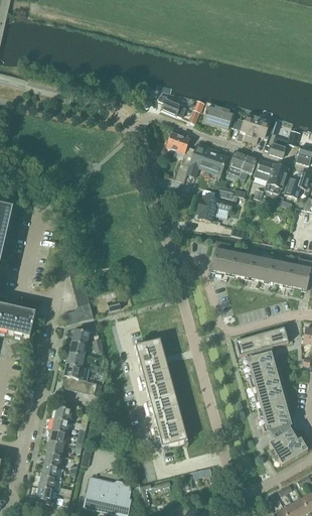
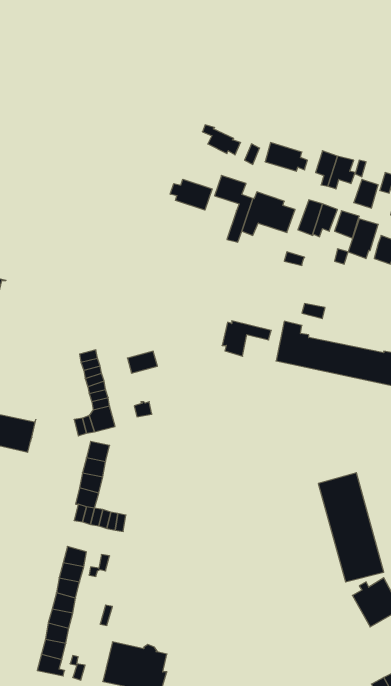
building: none -> [170,179,212,210]
building: [197,196,233,222] -> [222,321,271,356]
building: [237,330,289,356] -> none
building: [135,342,184,447] -> none

